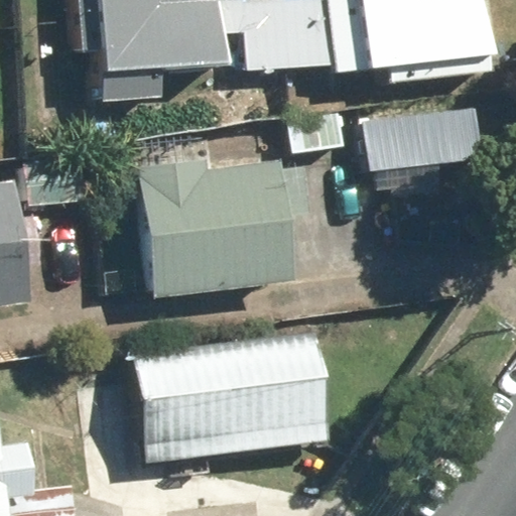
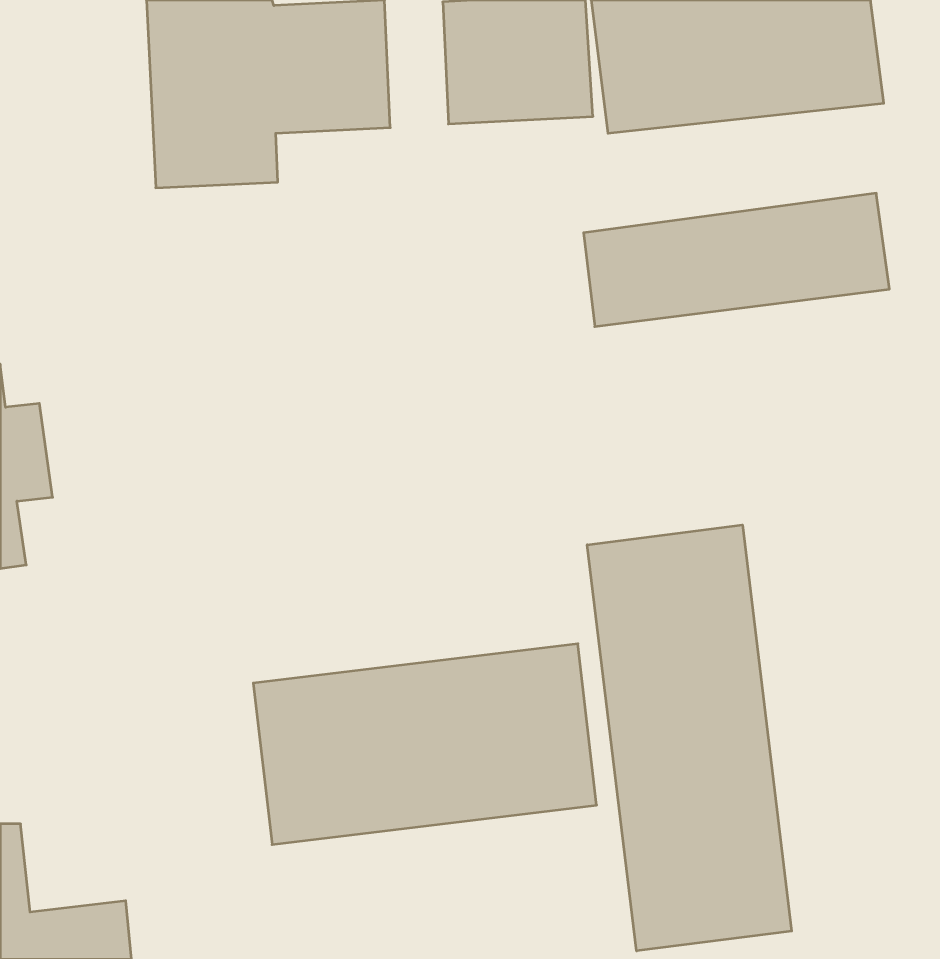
building: [134,161,307,298] -> none
building: none -> [587,525,792,951]

